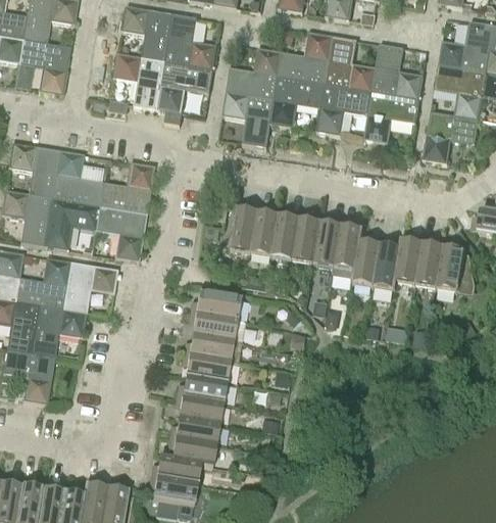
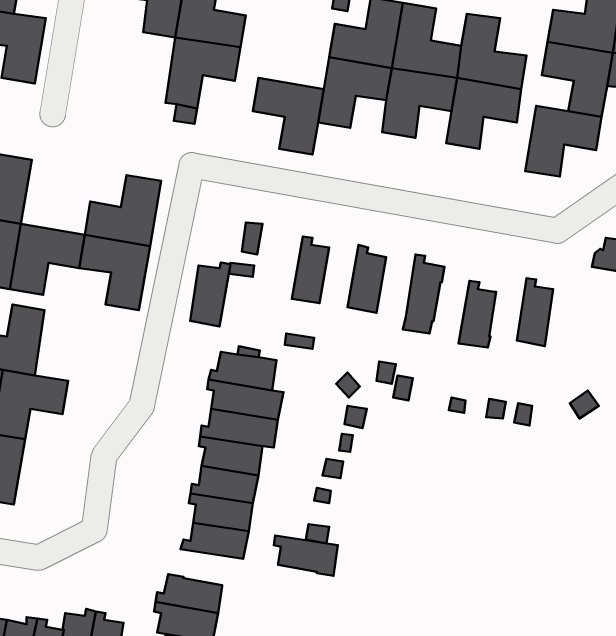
building: [227,47,283,99] -> none
building: [114,53,165,109] -> none
building: [52,151,103,206] -> none
building: [230,206,259,253] -> [190,263,230,327]
building: [271,212,300,259] -> none
building: [313,220,342,267] -> none
building: [396,237,424,284] -> none
building: [352,238,382,286] -> none
building: [437,244,466,291] -> none
building: [62,262,117,314] -> none
building: [168,437,215,467] -> [274,536,338,576]

